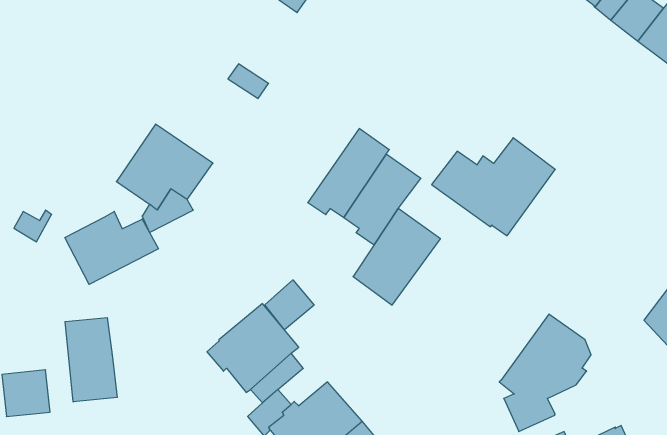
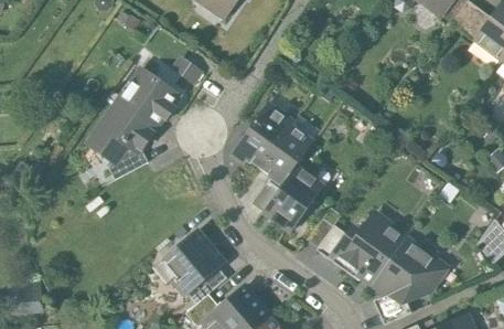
building: none -> [119,64,184,127]
building: [432,138,555,236] -> [317,214,407,286]
building: [65,211,158,284] -> none
building: [265,280,314,330] -> none
building: [65,318,117,402] -> none

